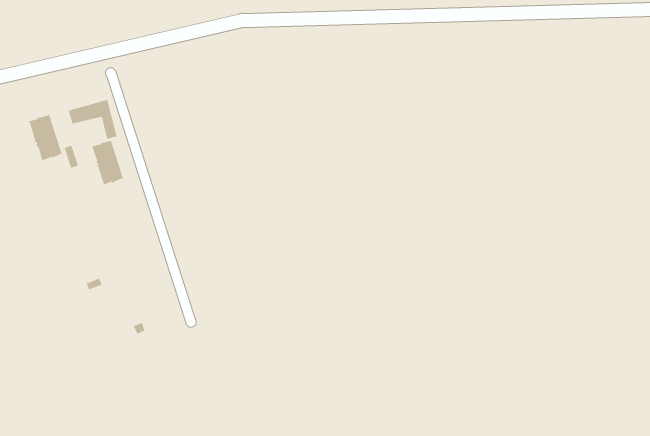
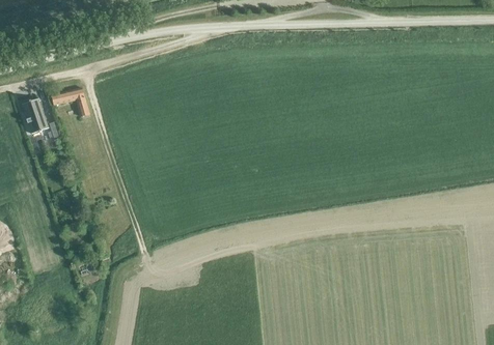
building: [90,140,124,186] -> none

